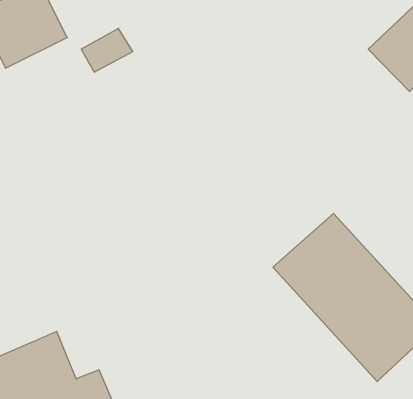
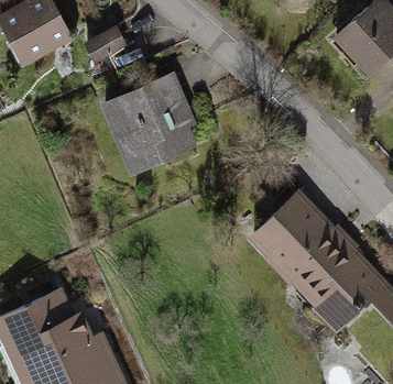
building: none -> [99,77,199,176]

